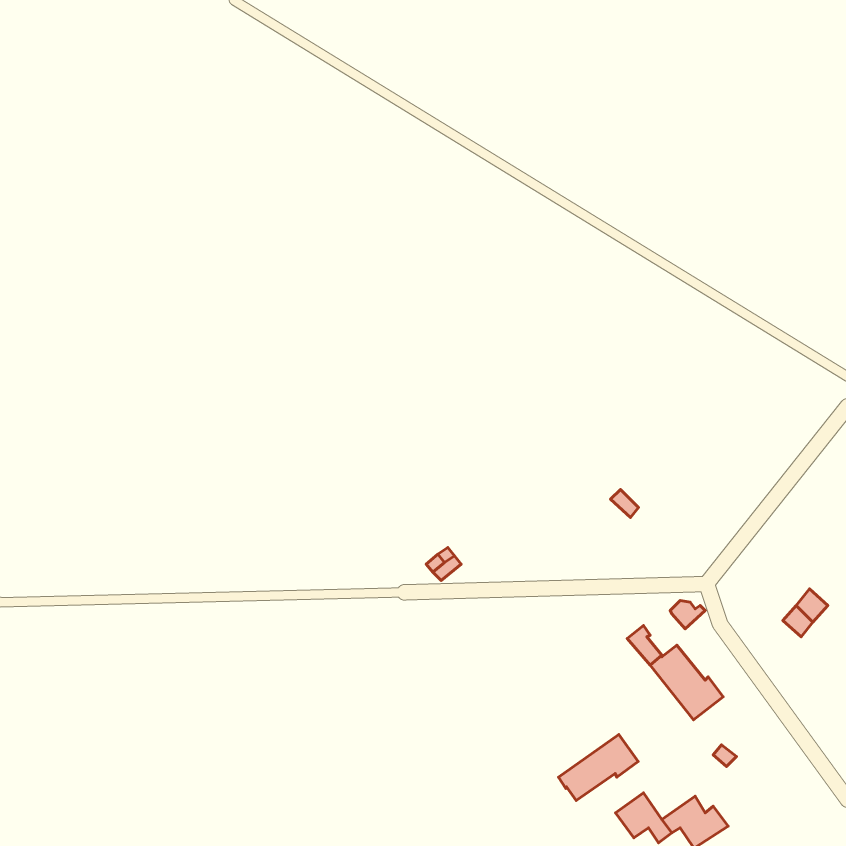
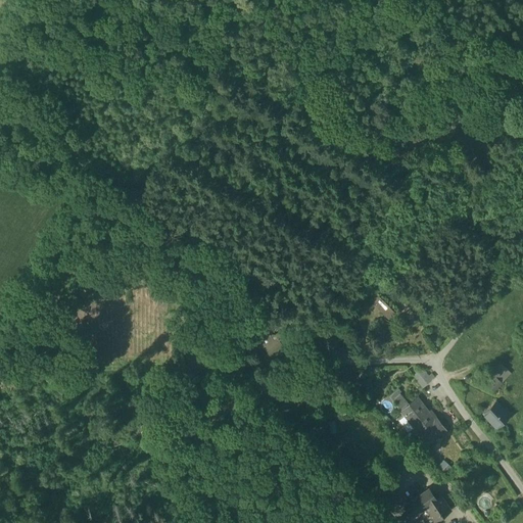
building: none -> [482,402,511,430]
building: [559,735,638,800] -> none

